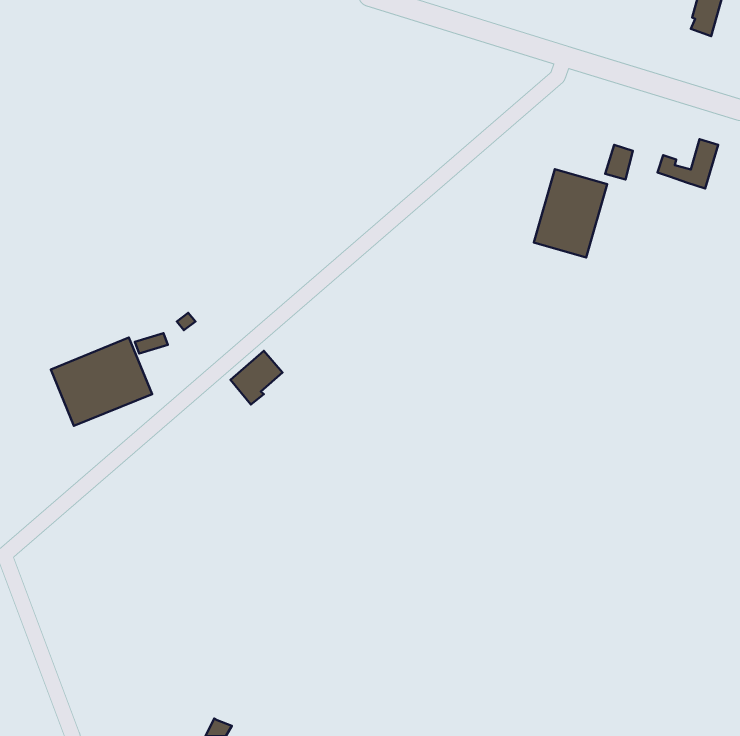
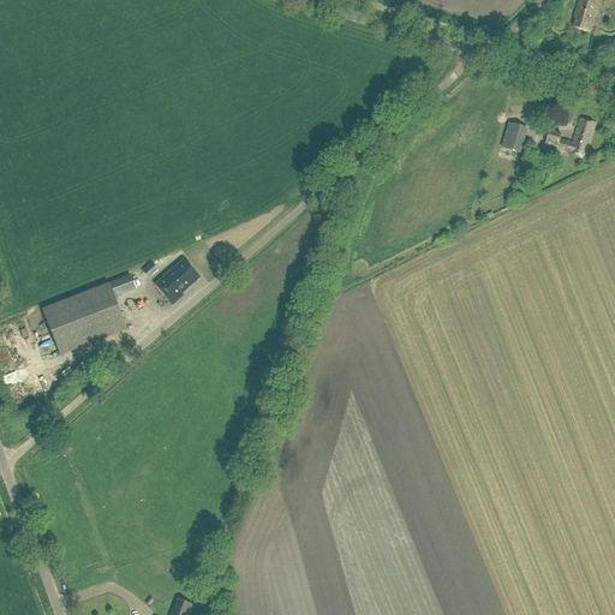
building: [534,169,607,258] -> none
building: [230,351,283,404] -> [155,257,198,301]

